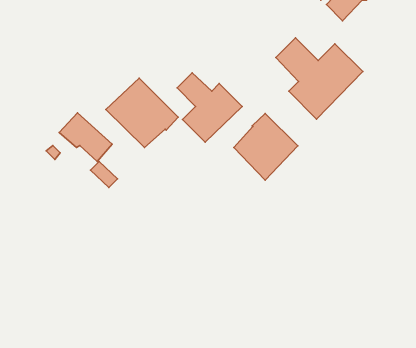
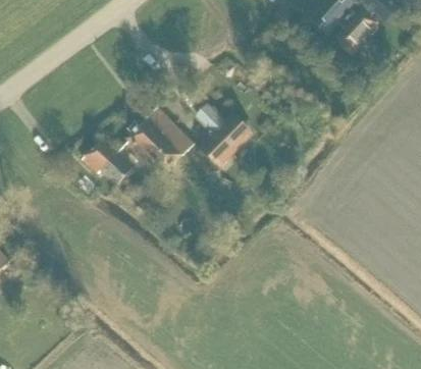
building: [276,38,363,119] -> none
building: [234,113,298,180] -> none

